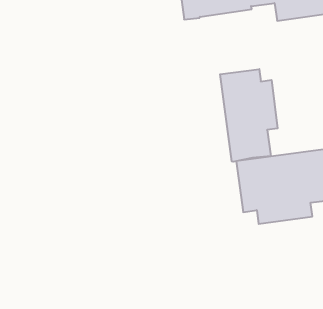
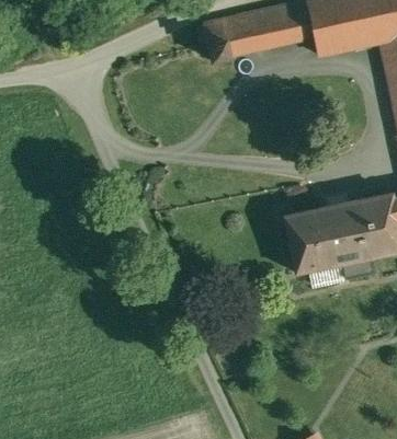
building: [220,69,278,162] -> none

